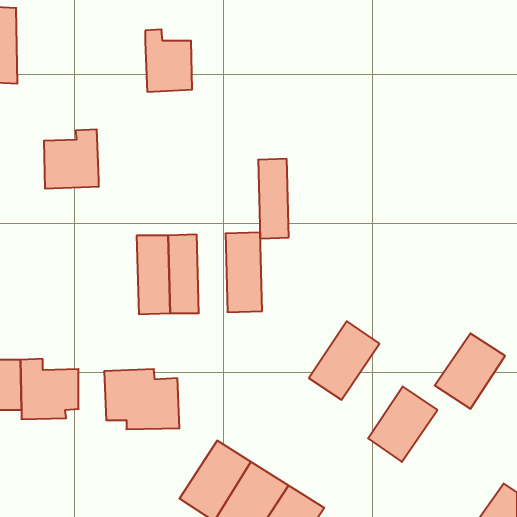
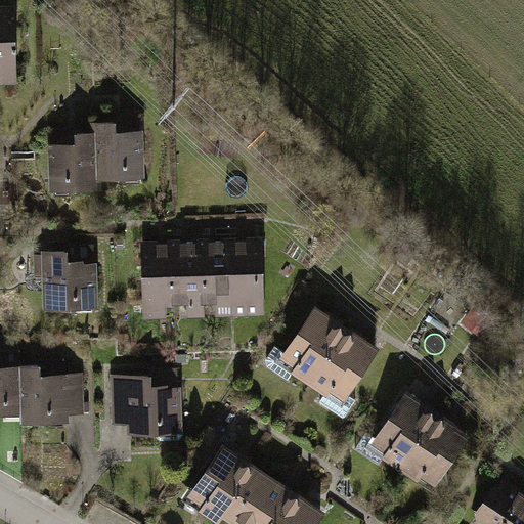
building: [145,29,192,92] -> [97,122,144,184]
building: [258,159,289,238] -> [198,238,228,318]
building: none -> [38,248,96,313]
building: none -> [276,304,348,384]
building: [435,333,505,409] -> [403,416,474,491]

